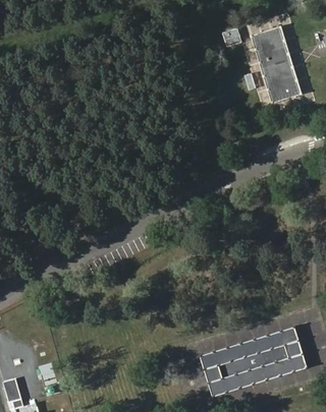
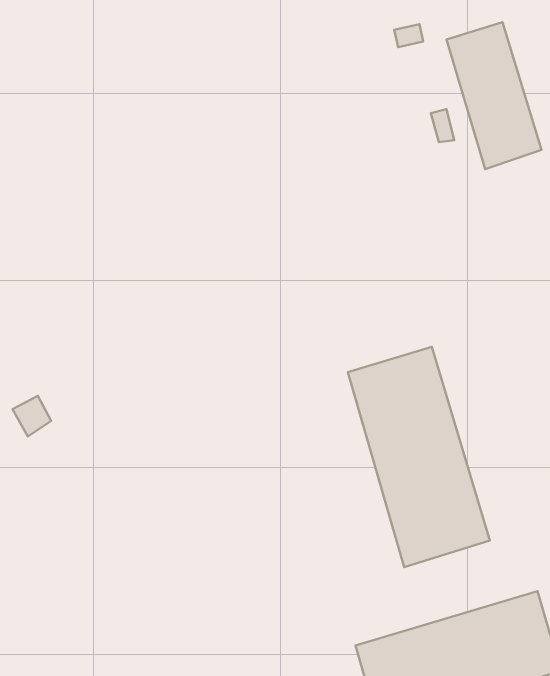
building: none -> [348,347,490,567]

